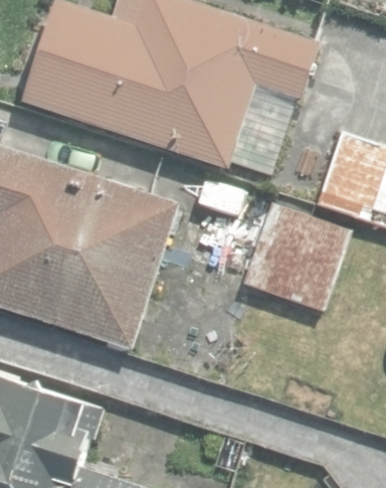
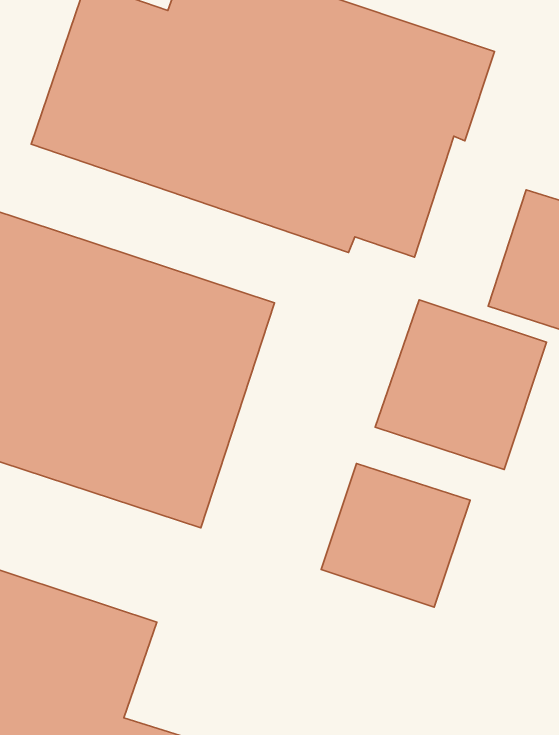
building: none -> [321,464,470,607]

